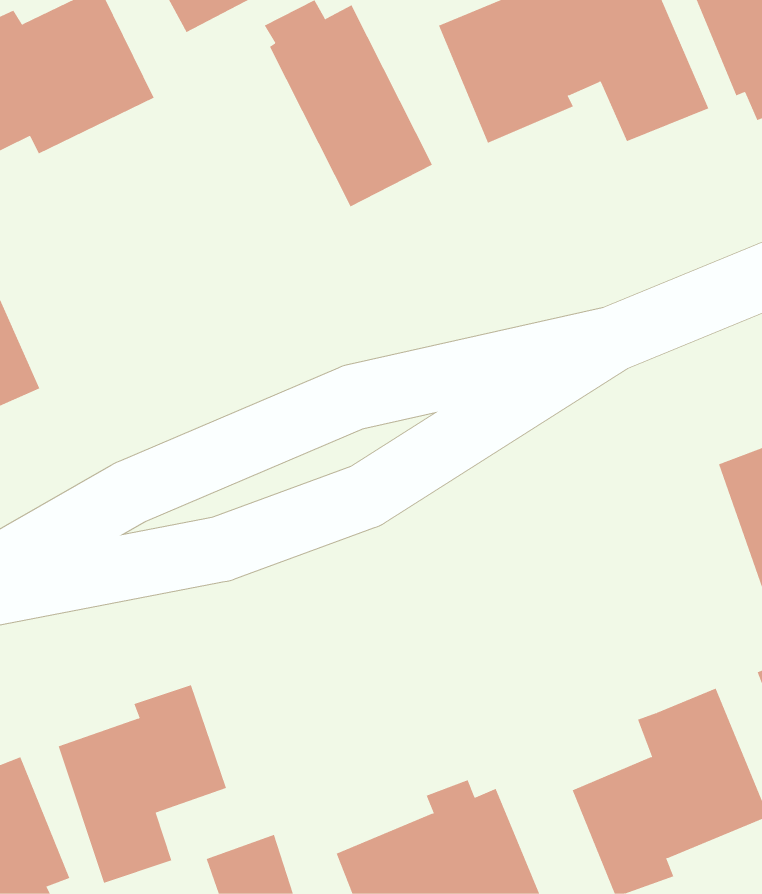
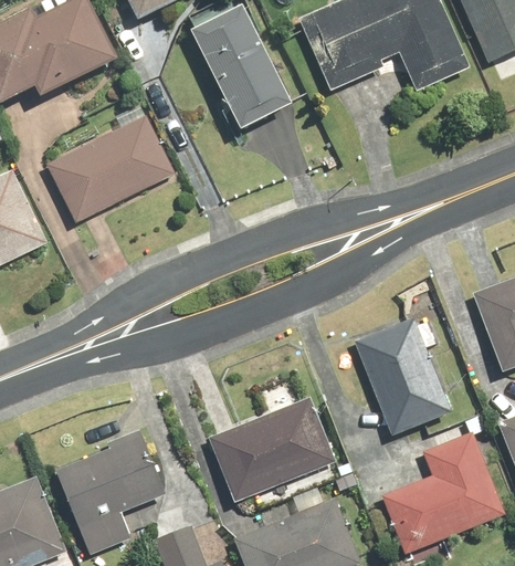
building: none -> [44,114,175,224]
building: none -> [353,316,450,437]
building: none -> [208,398,334,510]

